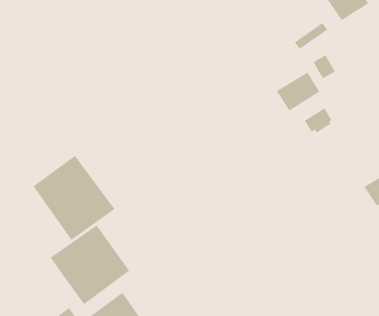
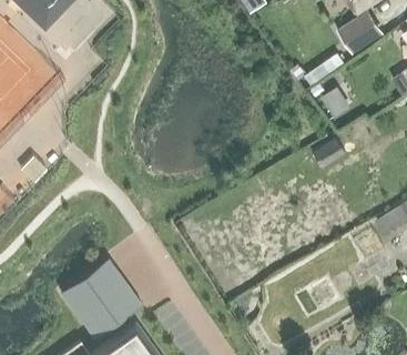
building: [276,71,320,111] -> none
building: [32,155,115,241] -> none

